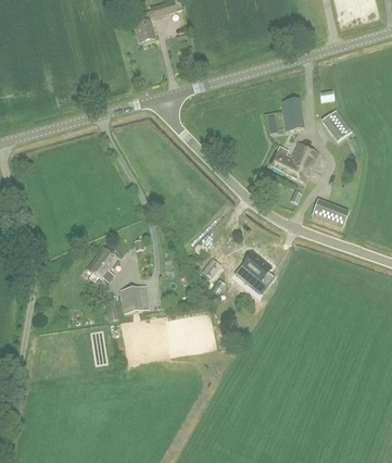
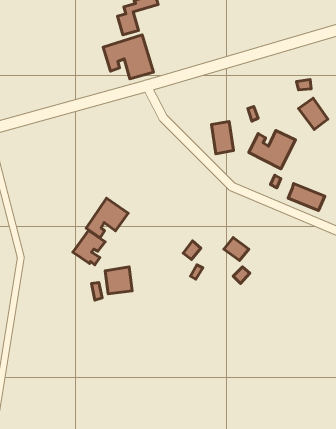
building: none -> [103,35,153,79]
building: [280,96,303,129] -> [212,121,233,154]
building: none -> [86,198,128,238]

